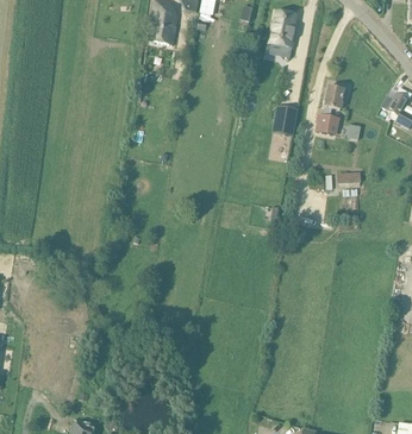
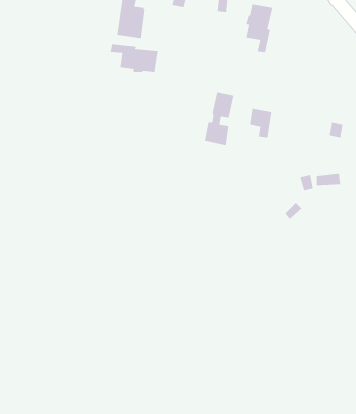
building: none -> [110,43,158,73]
building: [316,83,344,134] -> [204,92,234,146]

